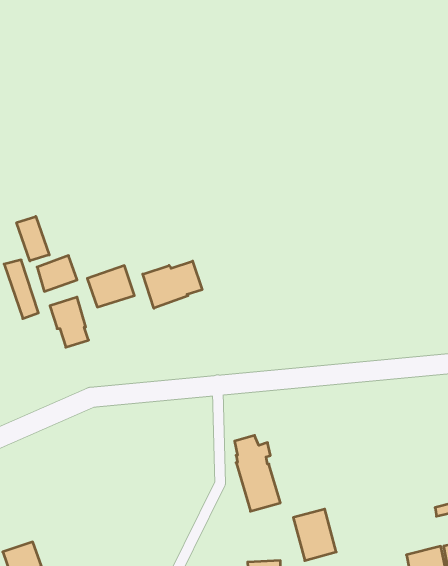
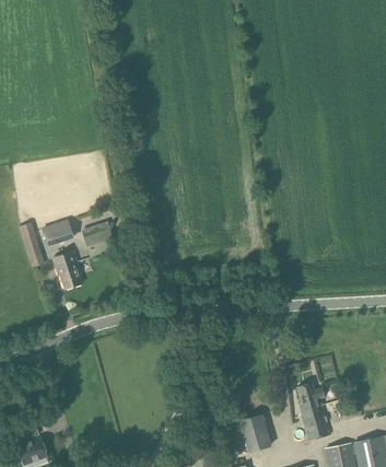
building: [17,216,49,261] -> none
building: [143,261,202,308] -> none
building: [235,435,280,511] -> [296,383,331,441]

